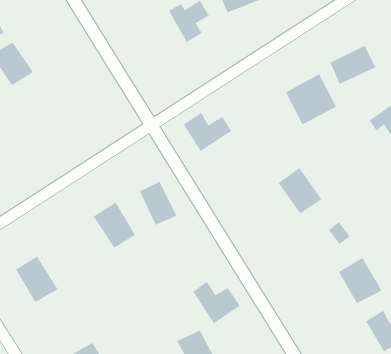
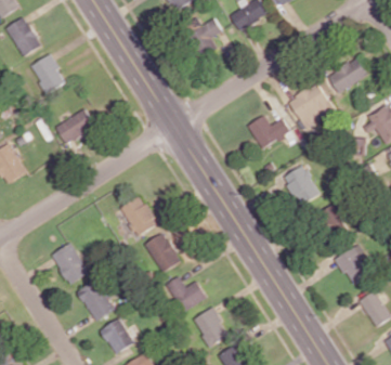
building: none -> [55,109,96,143]
building: [183,112,232,152] -> [247,115,290,149]
building: [139,181,177,226] -> [146,233,180,272]
building: [192,281,241,324] -> [165,275,207,313]
building: none -> [76,279,115,322]

